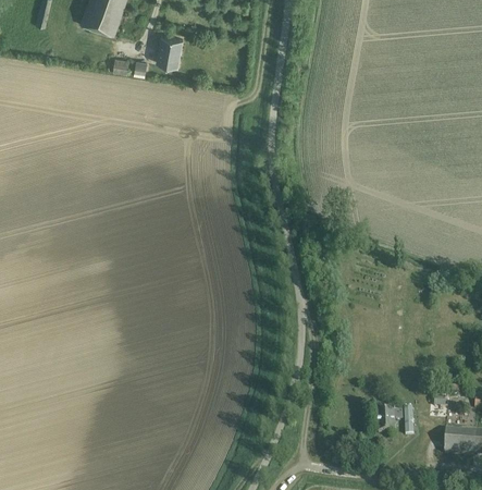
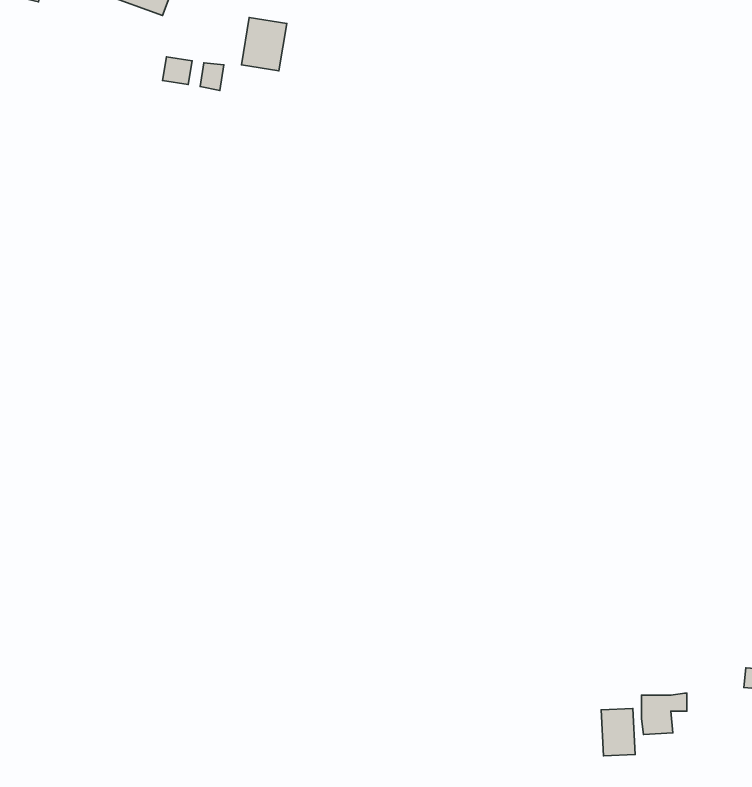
building: none -> [601,709,635,756]

